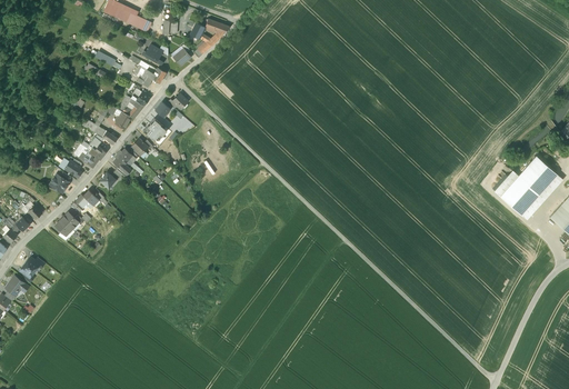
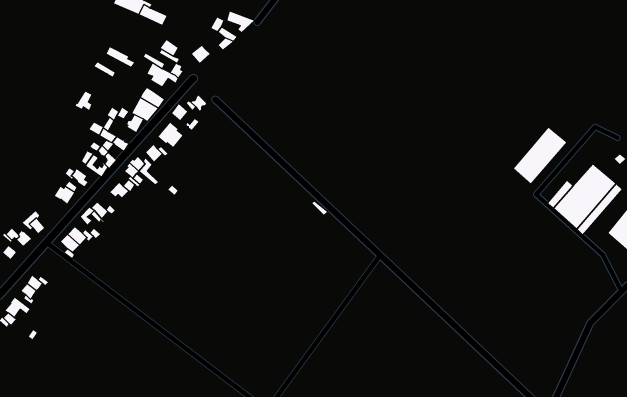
building: none -> [513,127,567,184]

